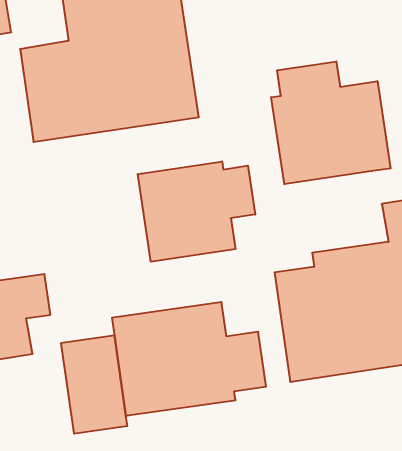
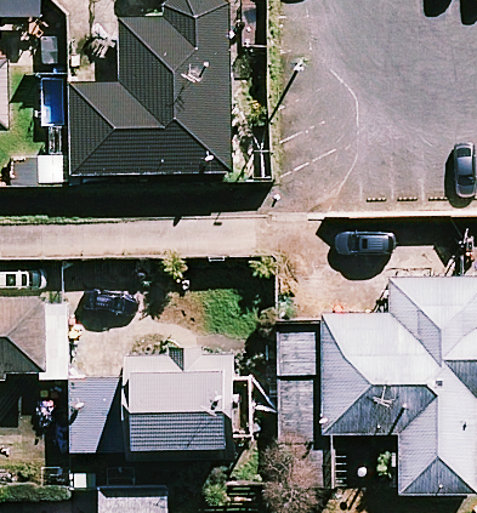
building: [271,61,391,184] -> none
building: [138,161,255,262] -> none

